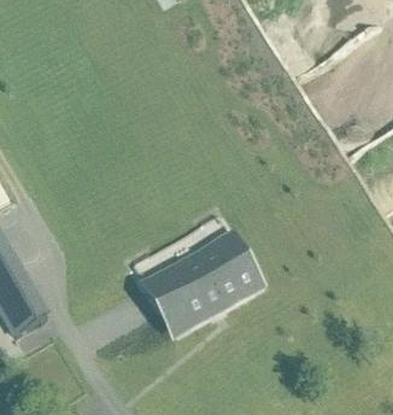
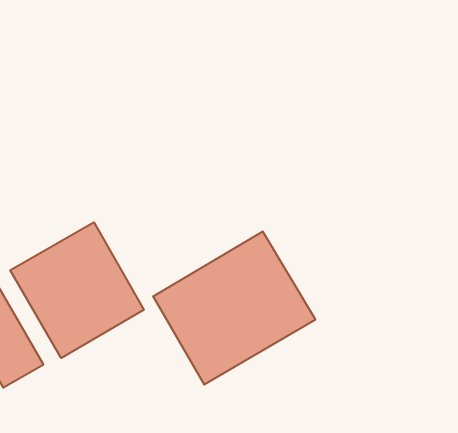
building: none -> [10,222,144,358]

